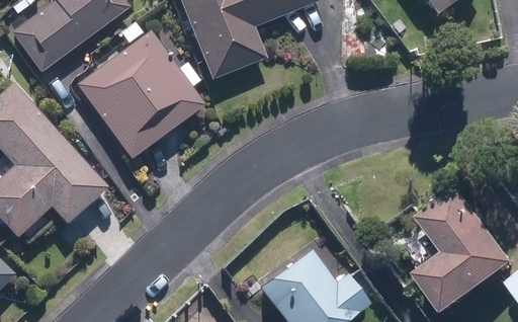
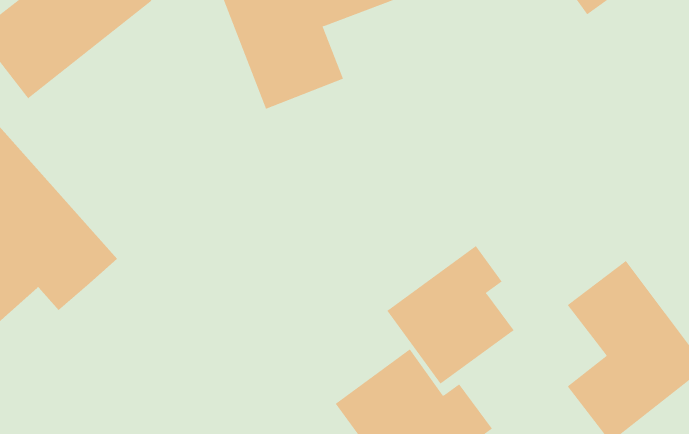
building: [76,28,207,160] -> none
building: none -> [387,245,514,384]

